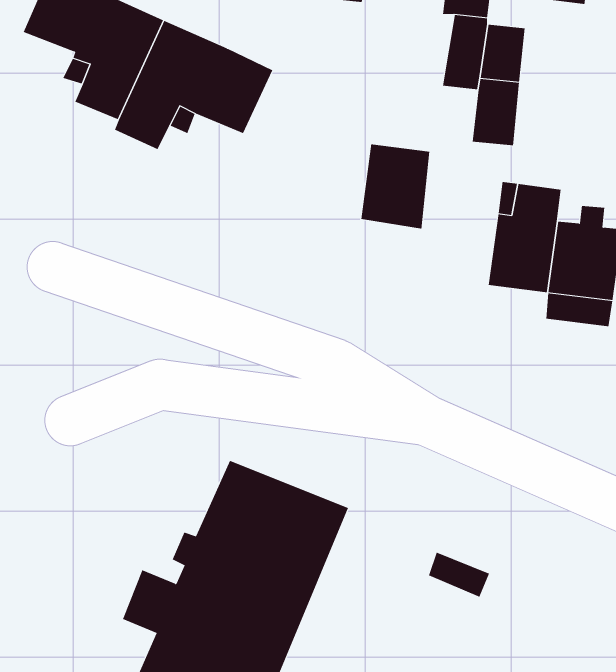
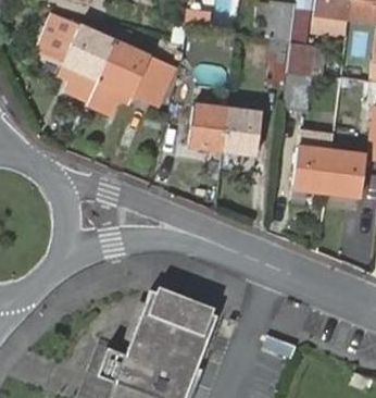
building: none -> [189,104,228,150]

